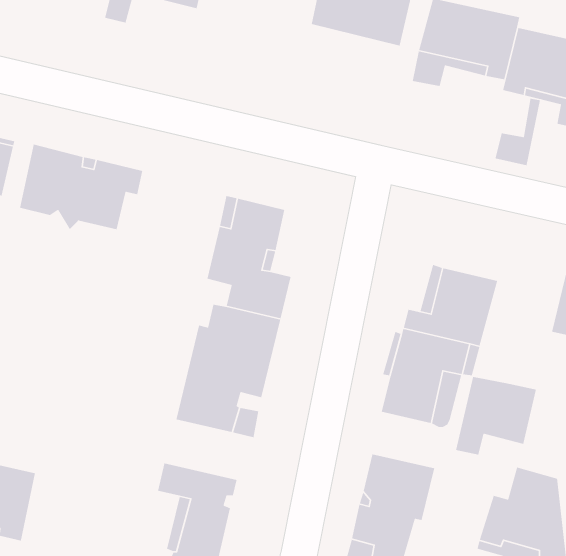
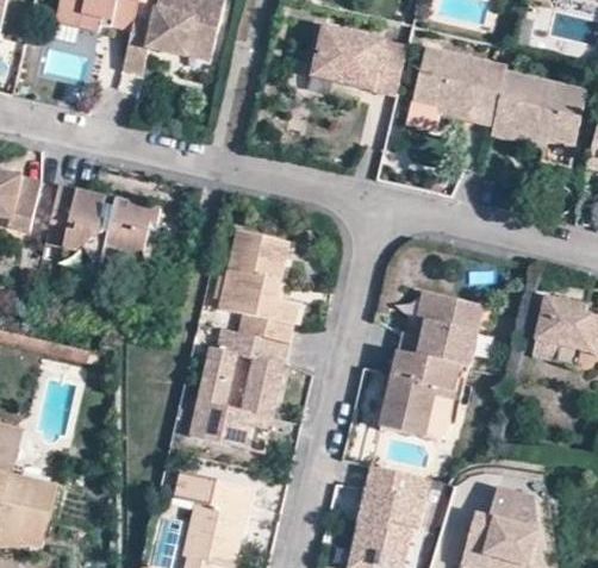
building: [494,98,541,166] -> none
building: [455,376,537,456] -> none

